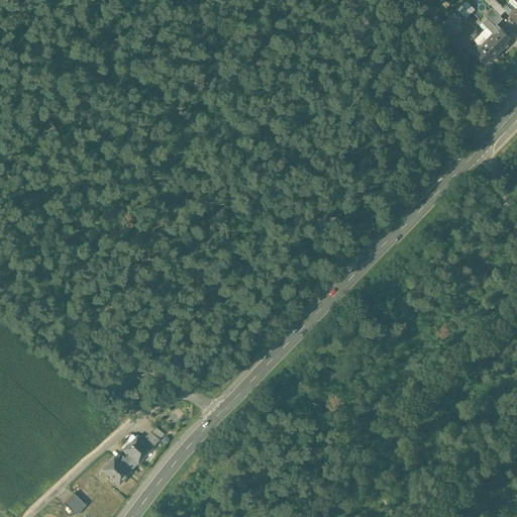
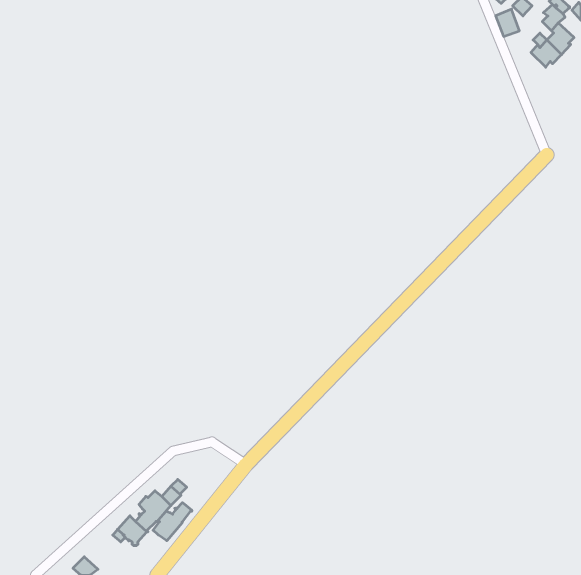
building: none -> [153,503,192,541]

